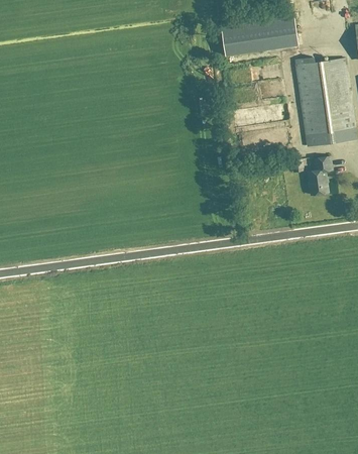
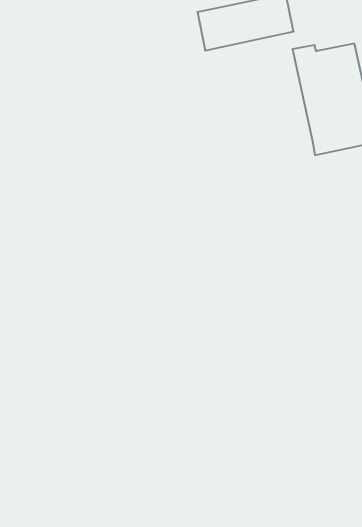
building: [307,156,330,195] -> none

